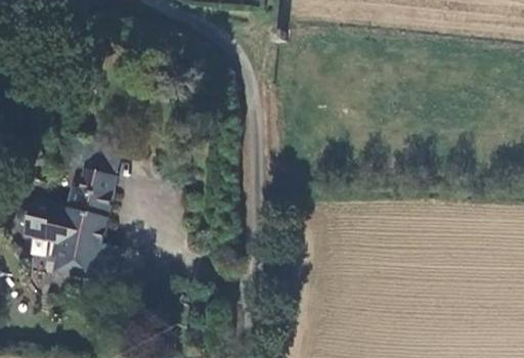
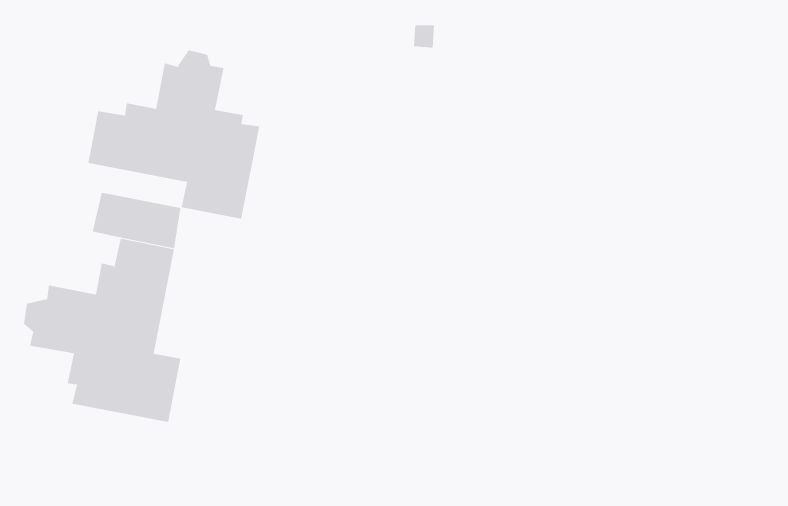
building: none -> [88,50,260,220]

